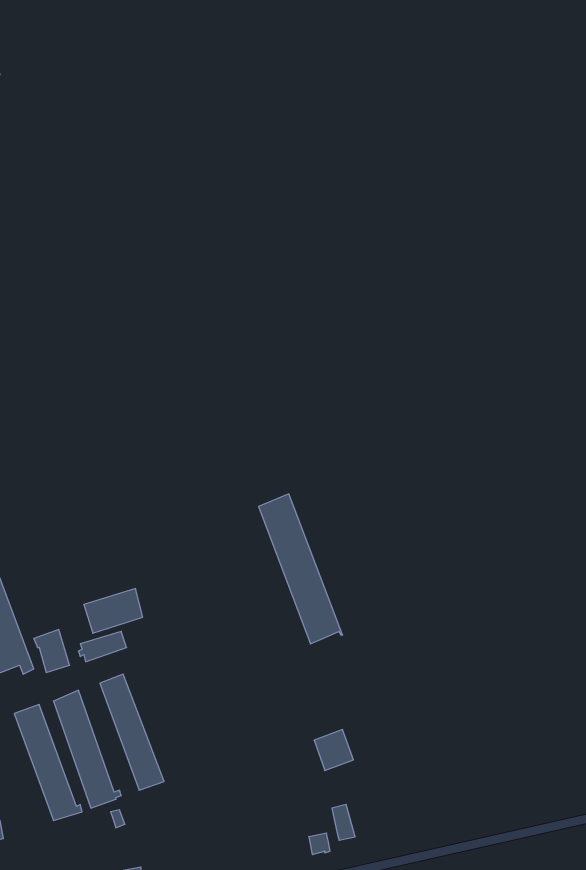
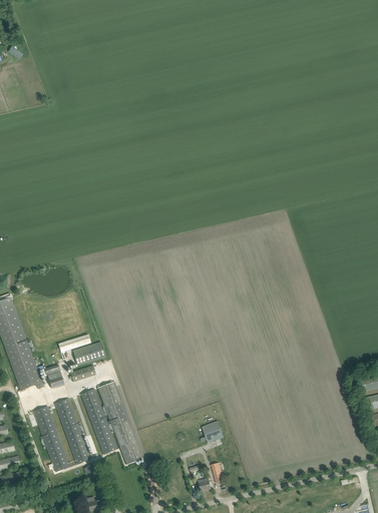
building: [259,494,343,644] -> [96,380,143,464]

